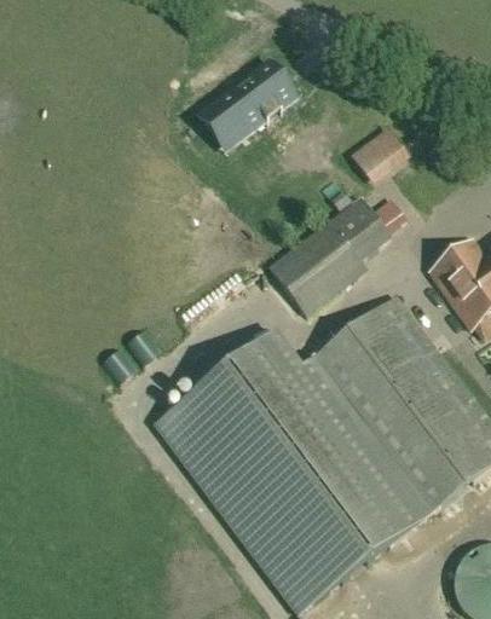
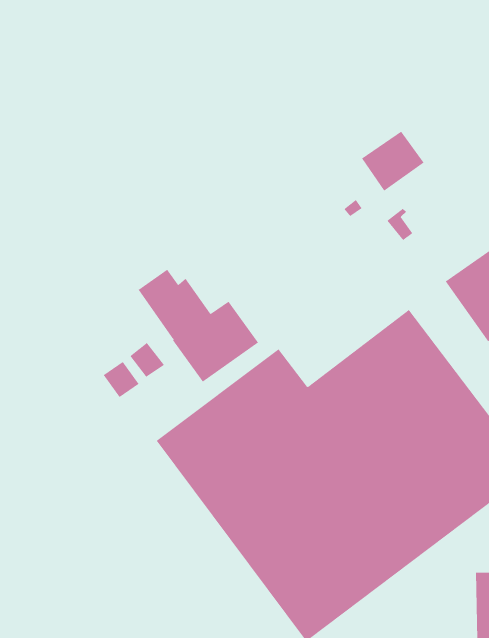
building: [213,62,294,138] -> none
building: [268,198,389,316] -> none
building: none -> [138,269,259,383]

